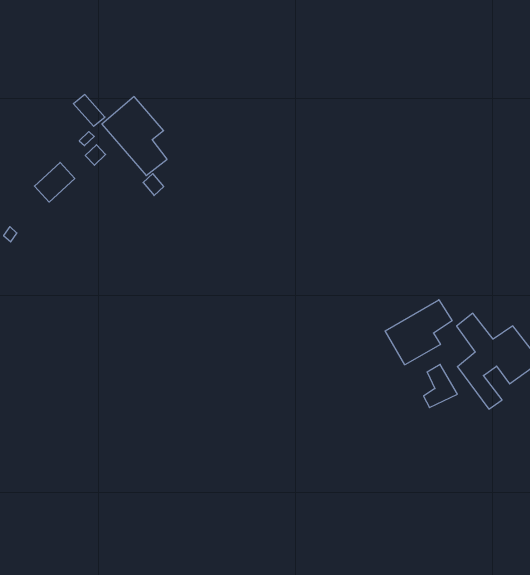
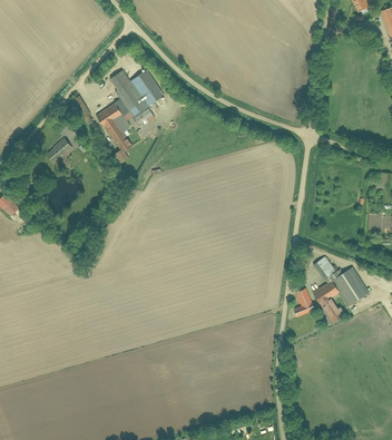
building: none -> [111,68,165,121]
building: [385,300,452,365] -> none

